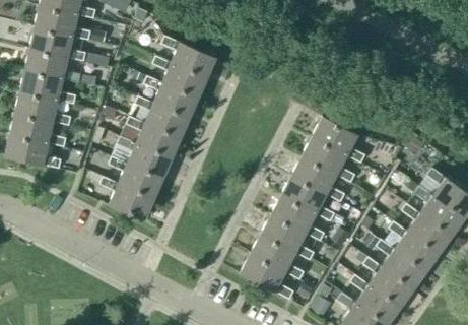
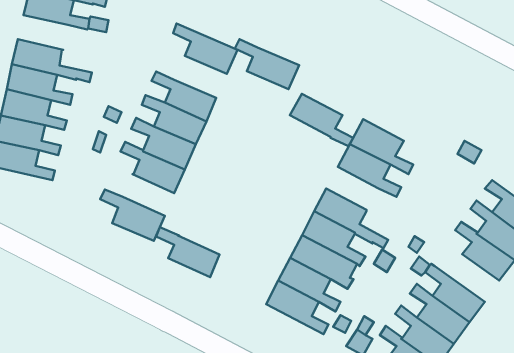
building: [29,27,86,61] -> none
building: [152,55,207,98] -> [235,39,299,89]
building: [109,155,162,198] -> [156,227,220,277]
building: [291,156,345,201] -> [290,94,353,146]
building: [384,220,439,271] -> none

